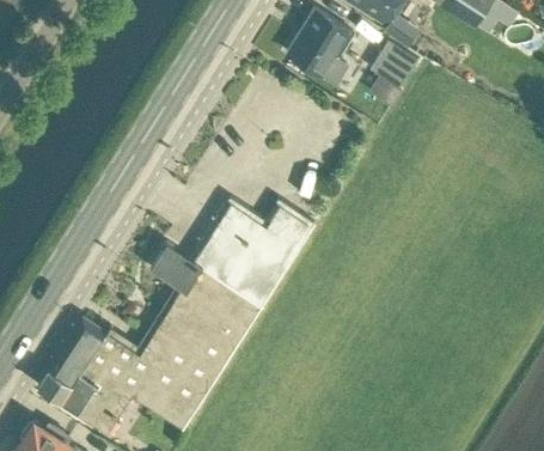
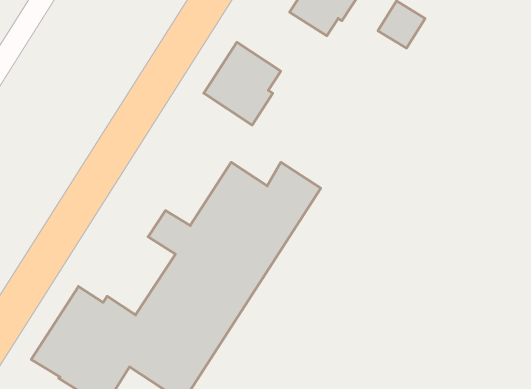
building: none -> [204,42,281,125]

